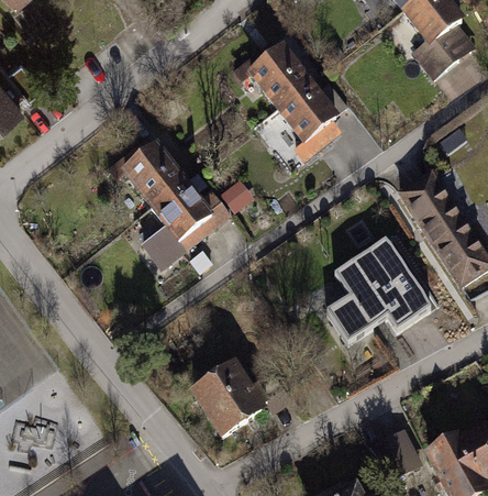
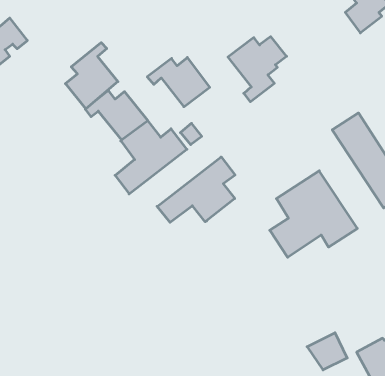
building: [235,48,309,107] -> [147,57,210,107]
building: none -> [65,43,118,109]
building: none -> [157,157,235,222]
building: [195,367,291,436] -> none

